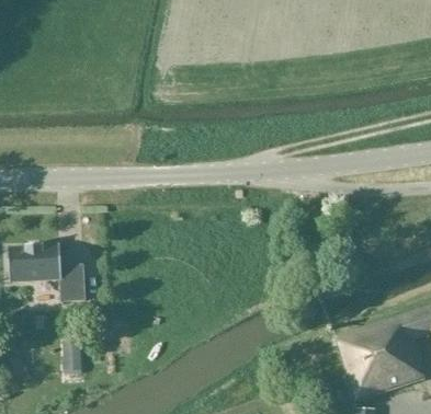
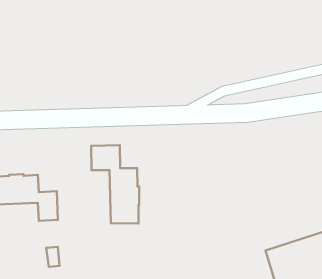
building: none -> [91,145,139,224]

